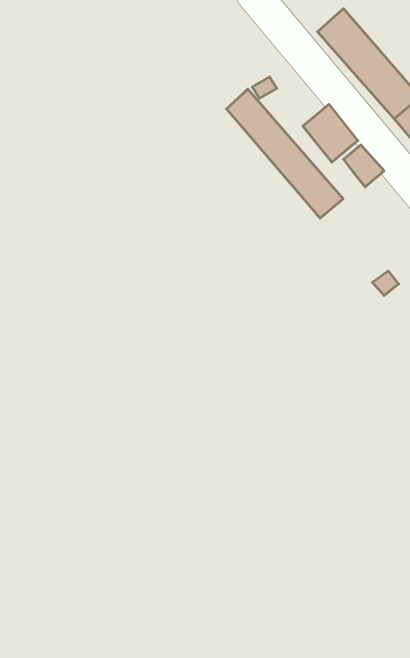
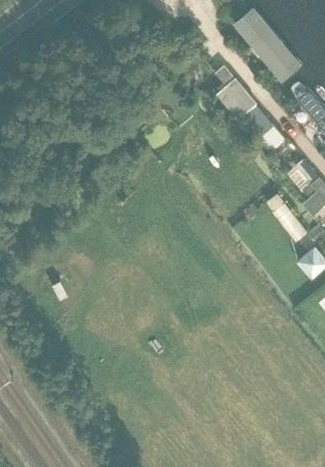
building: [226,89,343,218] -> none

